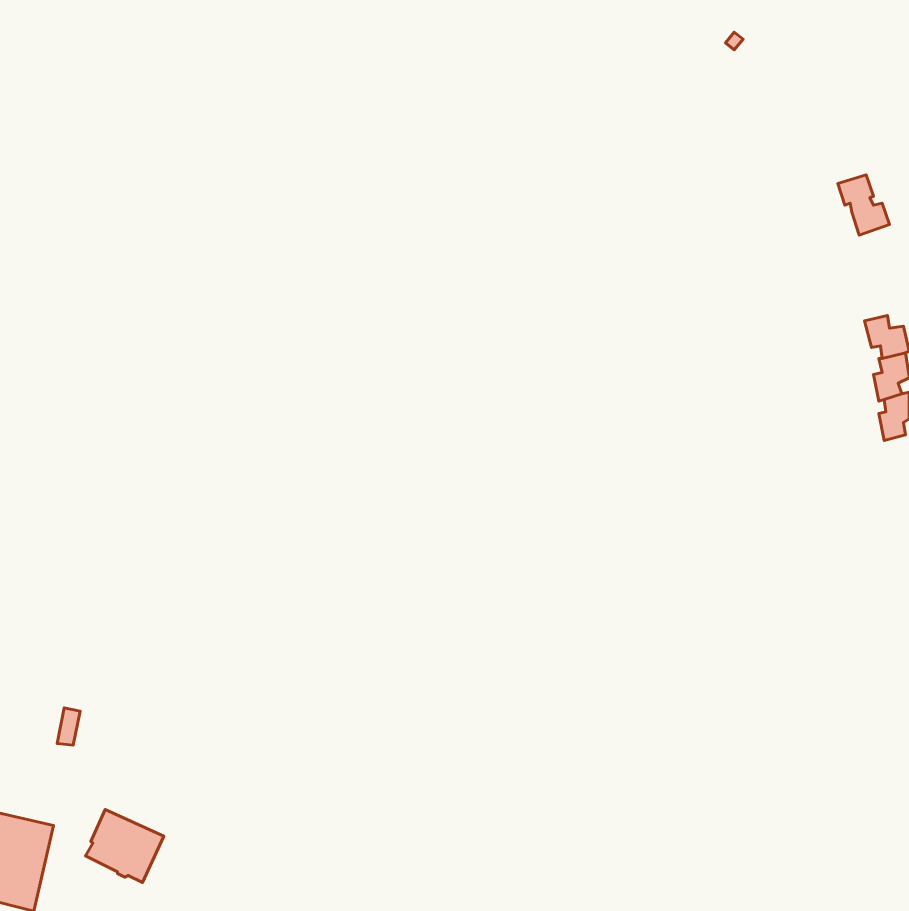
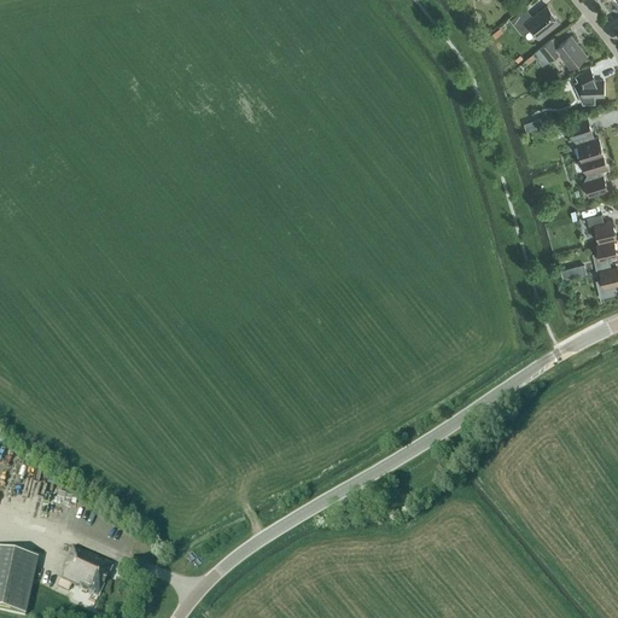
building: none -> [509,6,559,37]
building: none -> [538,36,585,68]
building: none -> [572,68,604,104]
building: none -> [582,152,607,196]

